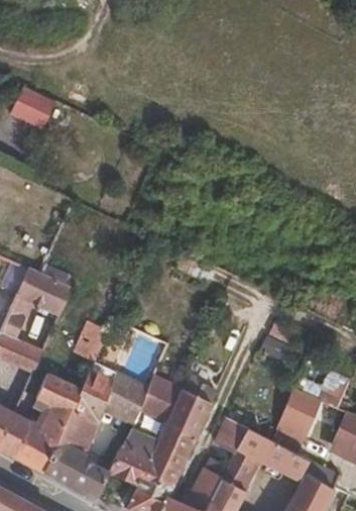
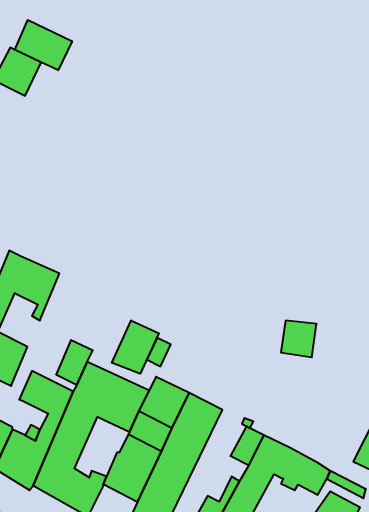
building: none -> [15,20,72,70]
building: none -> [112,320,159,374]
building: [272,388,323,451] -> none

